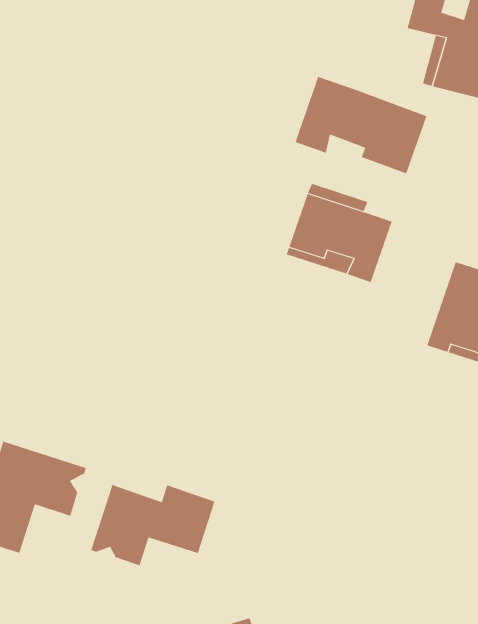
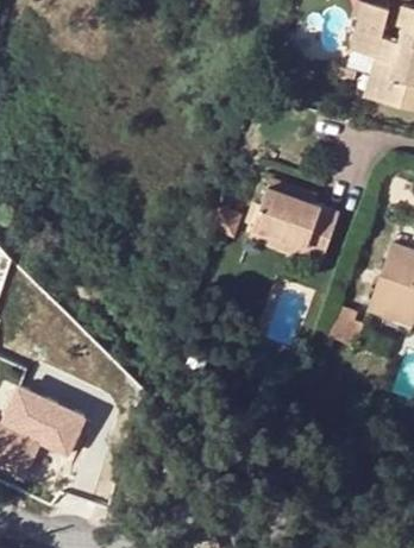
building: [295,76,427,174] -> none
building: [91,484,215,566] -> none

